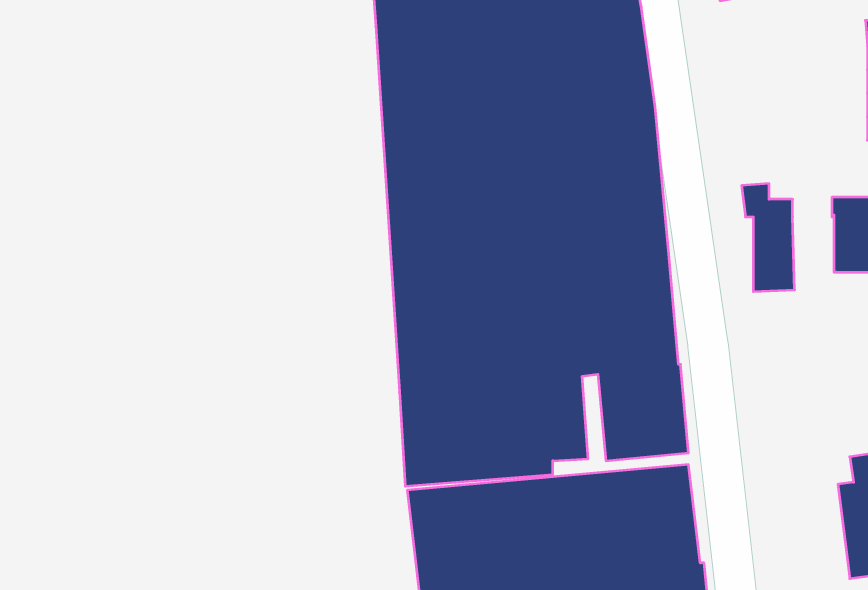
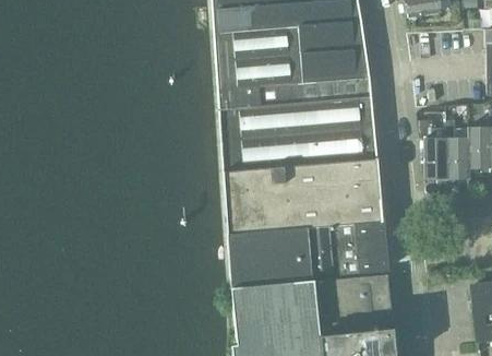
building: none -> [445,117,469,180]

